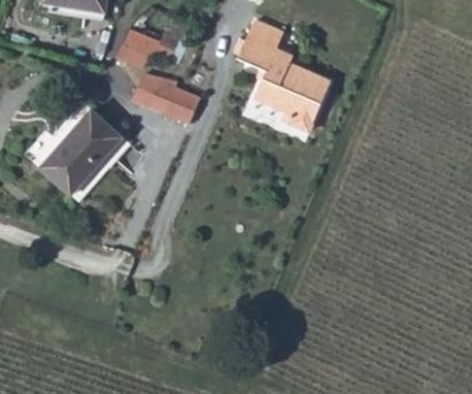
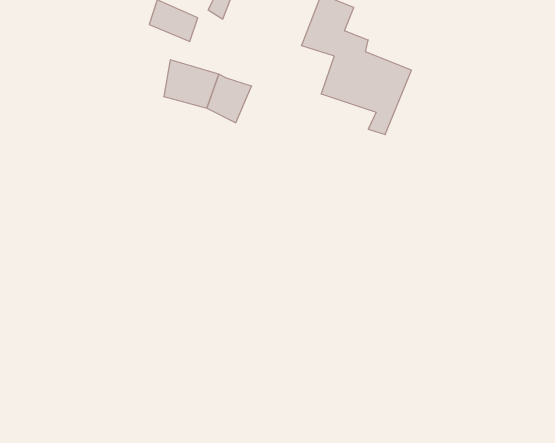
building: [25,105,126,197] -> none

